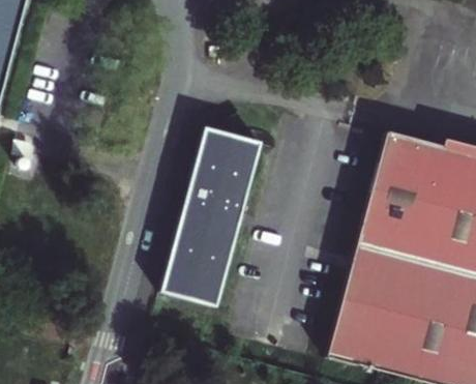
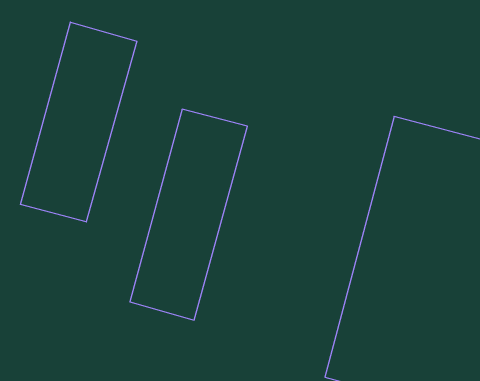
building: none -> [20,22,137,222]

